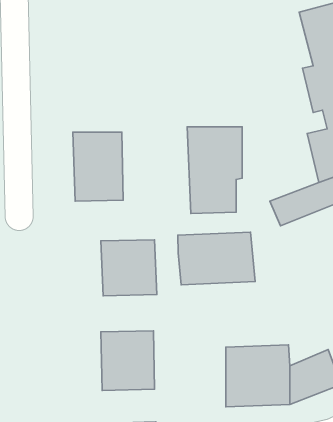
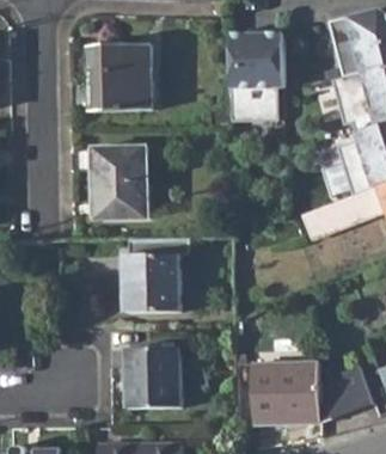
building: none -> [88,43,149,109]
building: [187,127,242,213] -> [226,32,282,121]
building: [178,232,255,285] -> none

